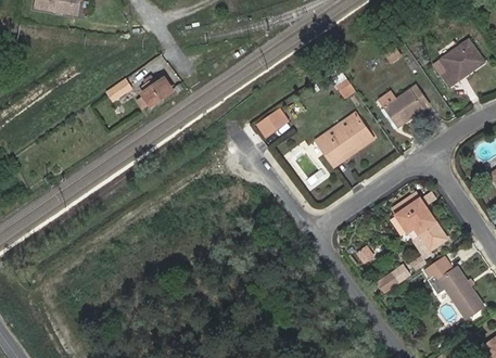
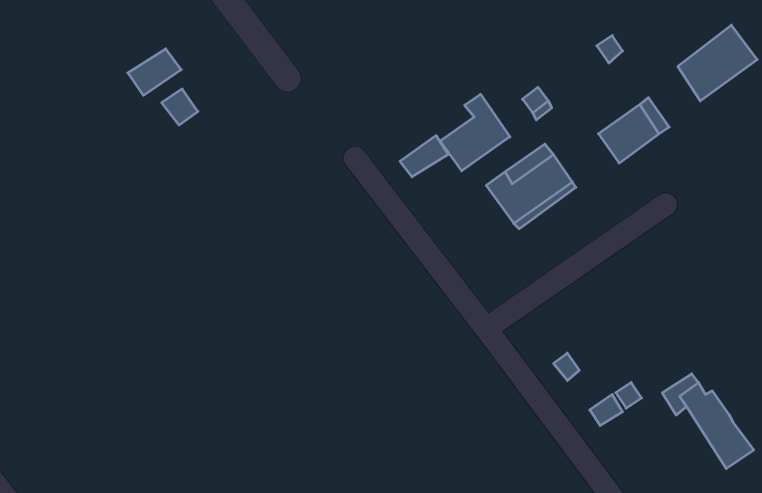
building: [141,78,175,107] -> [128,49,181,95]
building: none -> [440,94,510,171]
building: [393,192,446,257] -> none

